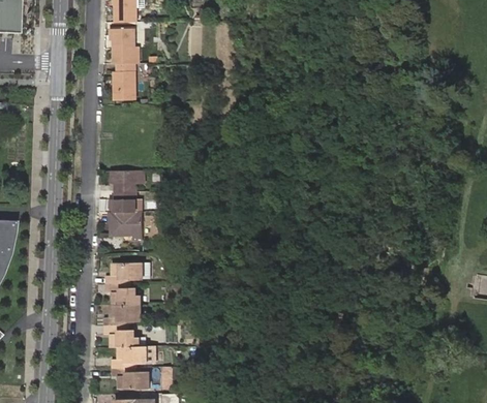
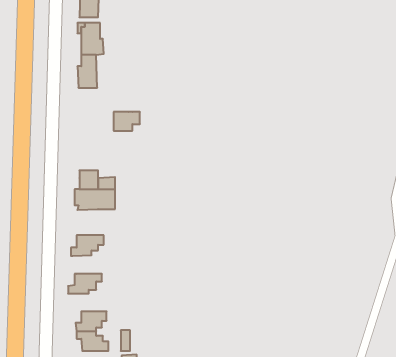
building: [114,171,143,191] -> [114,112,140,131]
building: [104,284,139,305] -> none
building: [101,327,135,347] -> none

